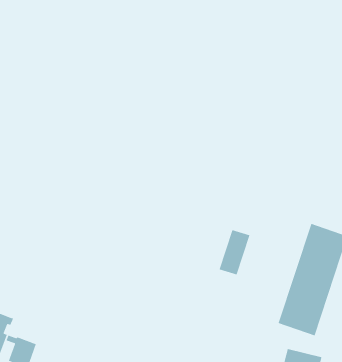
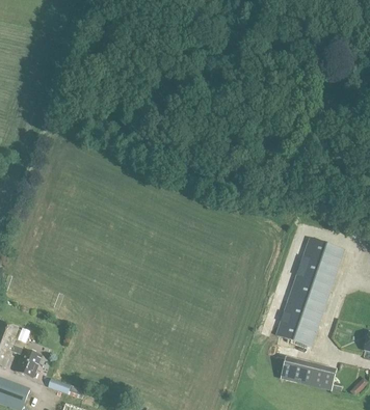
building: [218,229,251,275] -> none

